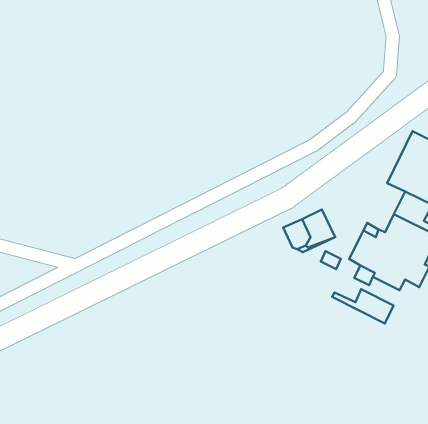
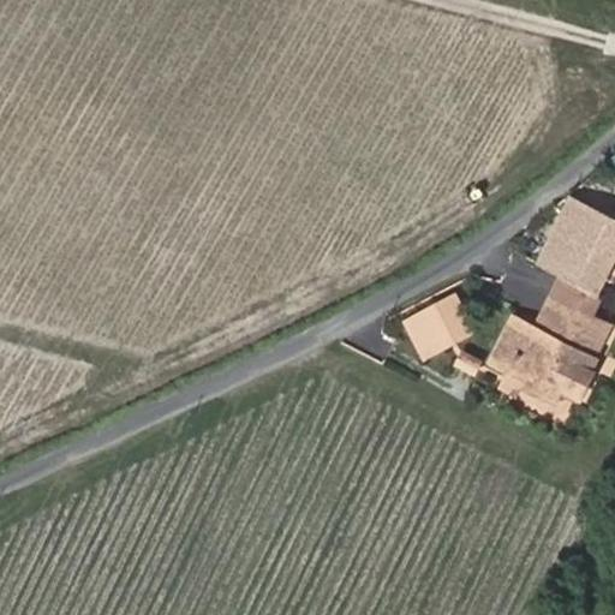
building: [332,289,394,323] -> none

